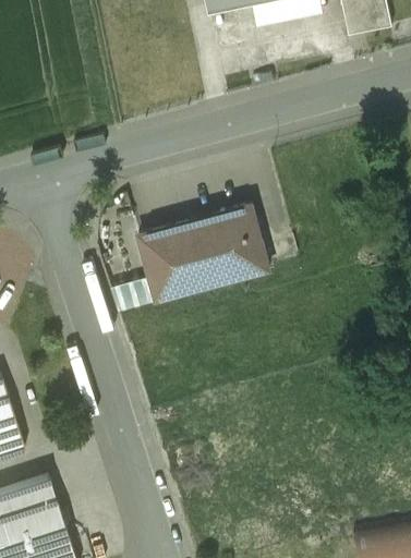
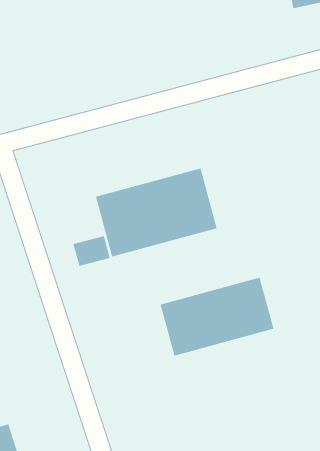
building: none -> [160,277,274,356]

